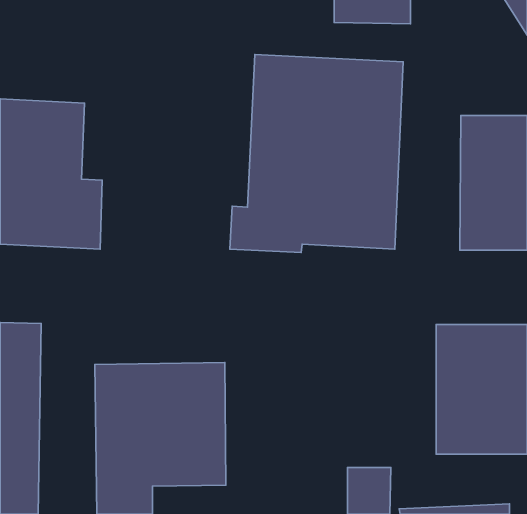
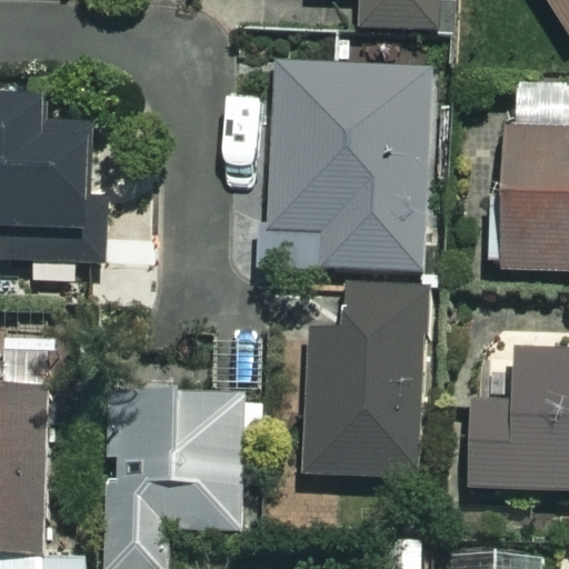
building: none -> [305,281,417,480]

